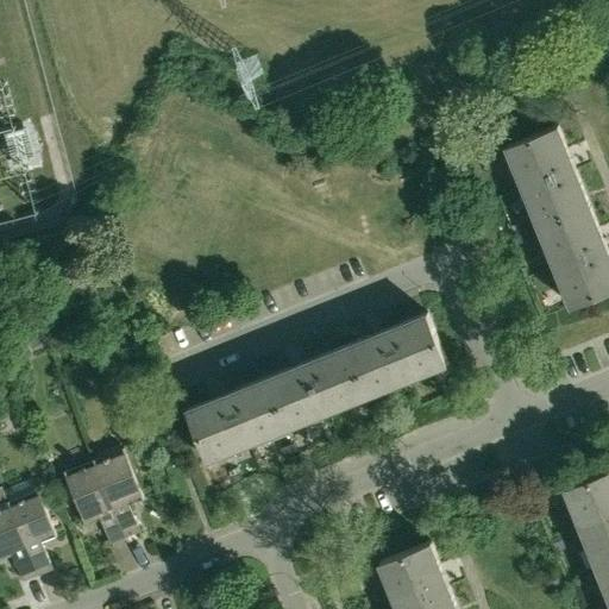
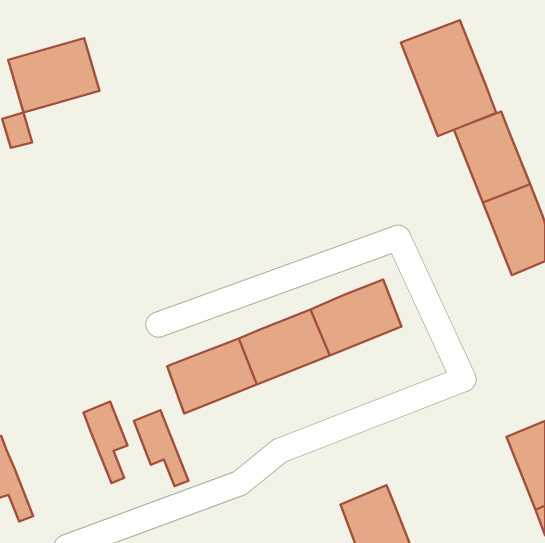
building: none -> [401,20,496,136]
building: none -> [8,38,100,112]
building: [63,463,124,547] -> [134,410,188,486]
building: [7,492,54,578] -> none

